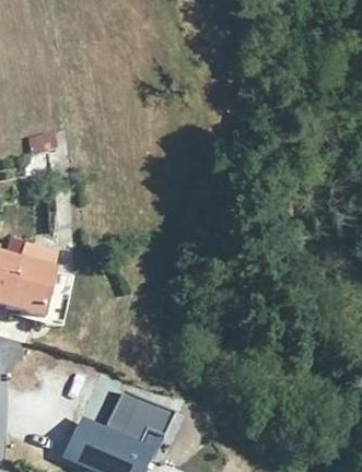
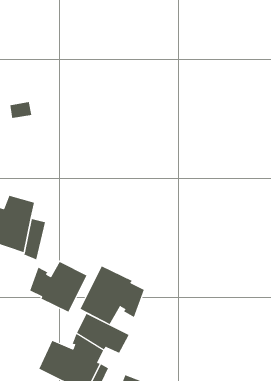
building: none -> [30,261,87,312]
building: none -> [80,265,145,325]

